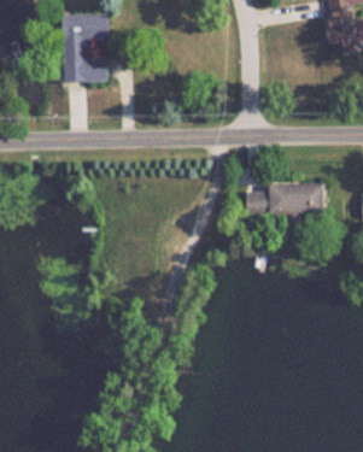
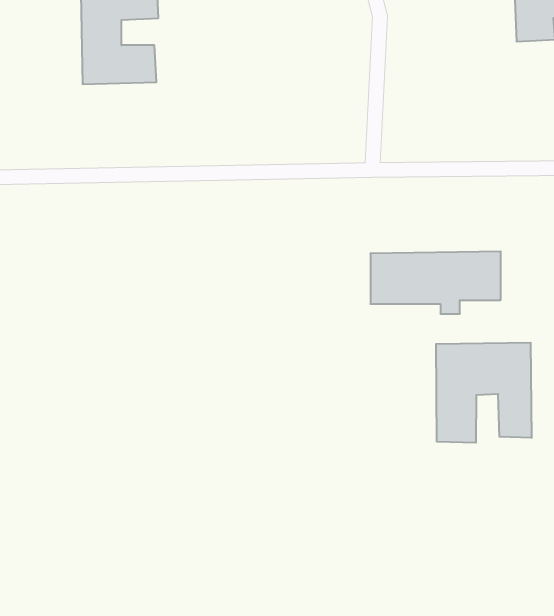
building: none -> [436,343,532,443]

